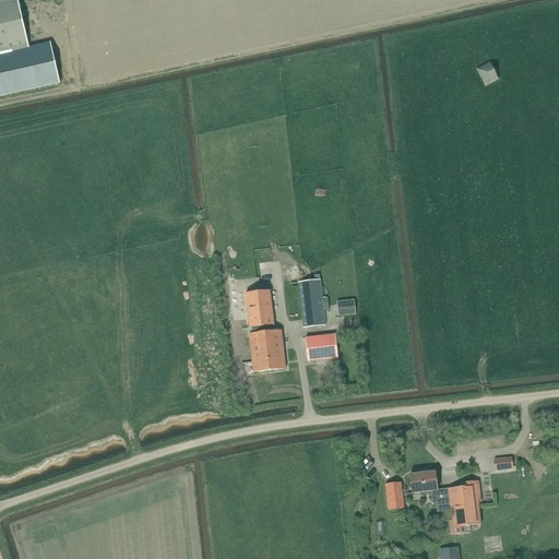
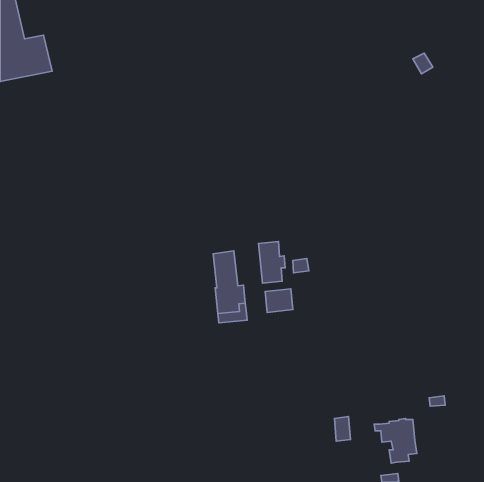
building: [411,471,438,491] -> none

